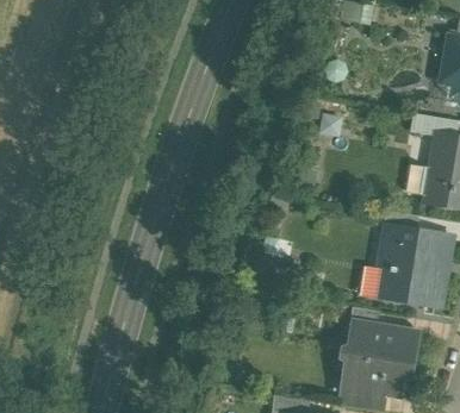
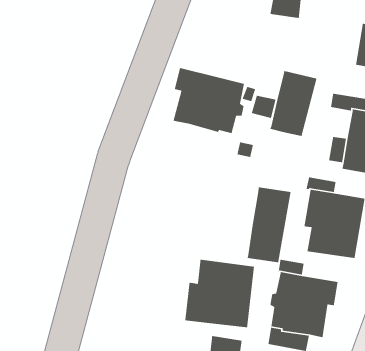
building: none -> [172,67,245,134]
building: none -> [269,70,318,137]
building: none -> [246,186,292,263]
building: none -> [184,259,255,328]

